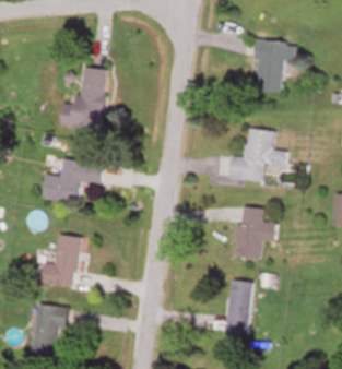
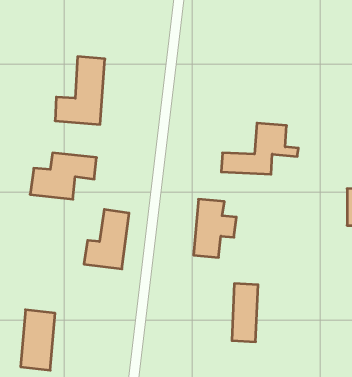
building: [255,44,298,95] -> none
building: [235,204,274,258] -> [194,199,236,257]
building: [38,233,80,287] -> [84,209,129,269]

